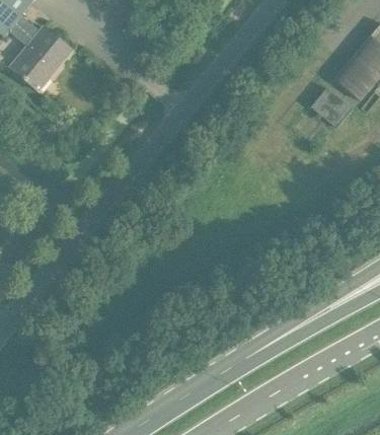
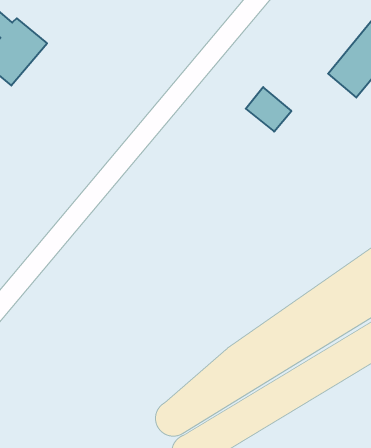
building: [309,86,352,128] -> [246,87,291,132]

